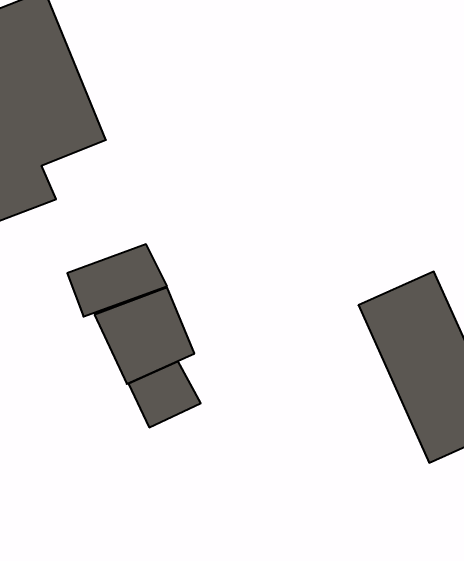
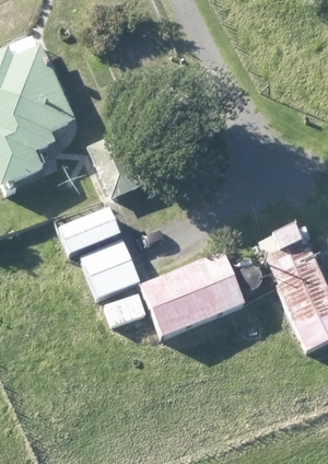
building: none -> [136,248,243,340]

